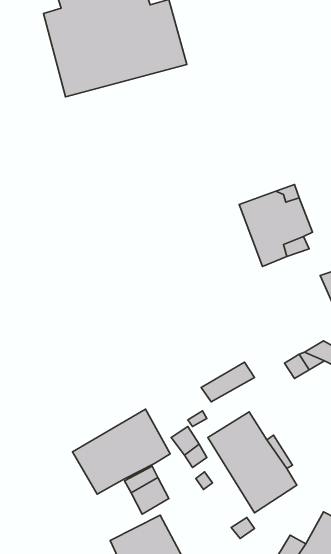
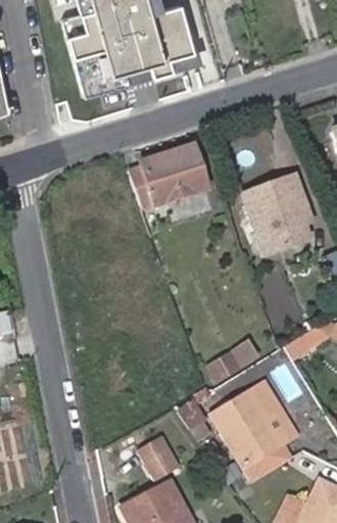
building: none -> [126,146,207,207]
building: [72,409,170,494] -> none

